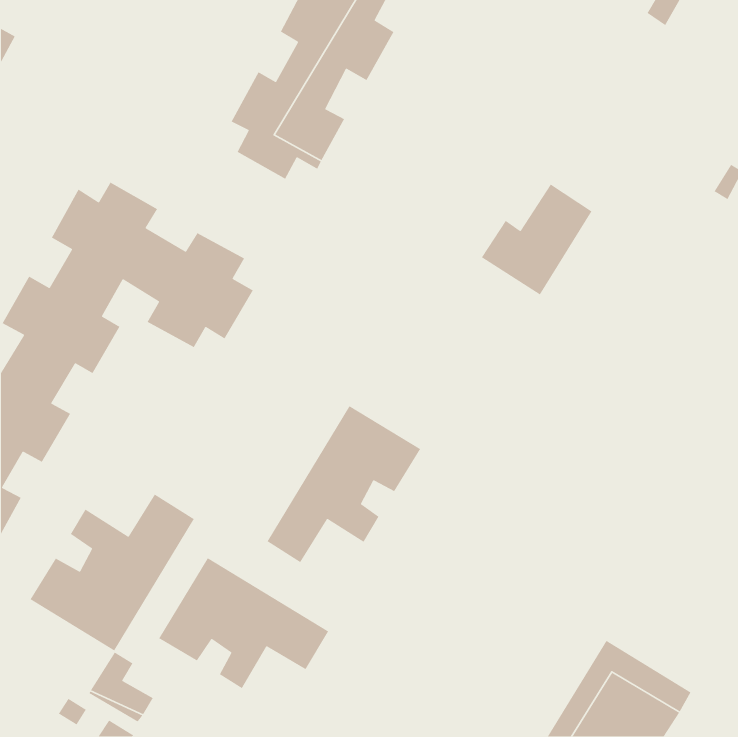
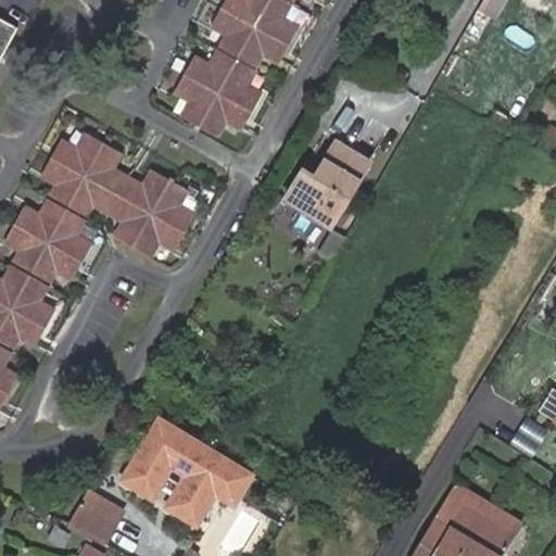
building: [481,184,593,295] -> [286,144,369,228]
building: [266,405,421,563] -> none
building: [29,494,195,651] -> none

